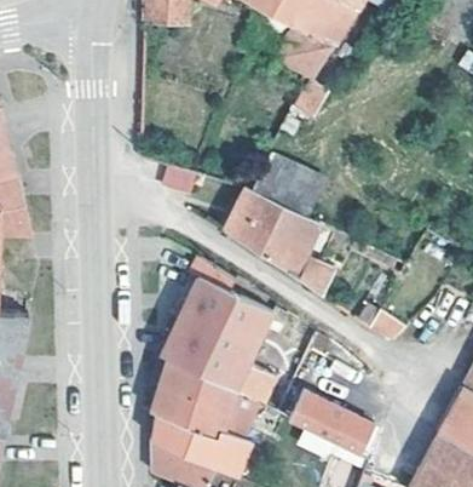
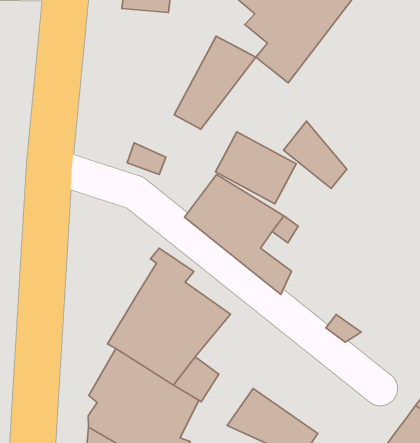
building: none -> [174,36,256,129]
building: none -> [283,121,347,189]

